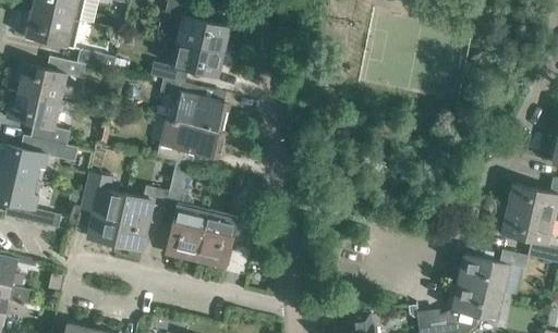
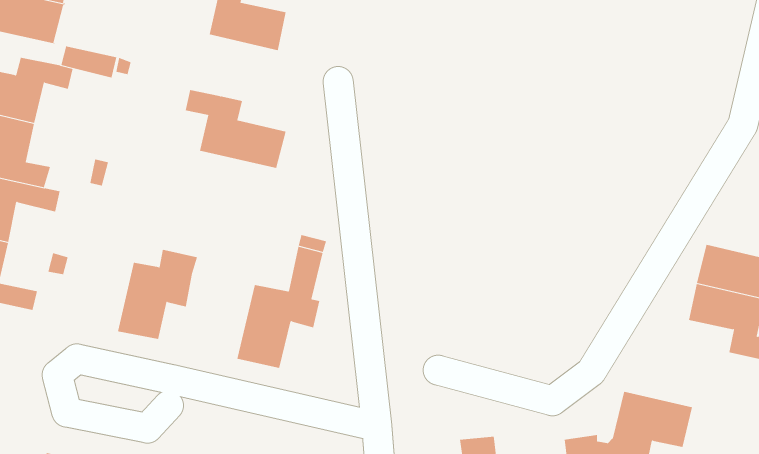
building: [150,41,223,83] -> none
building: [161,120,222,158] -> none
building: [166,170,207,260] -> none
building: [81,172,125,242] -> none
building: [457,250,527,293] -> none

